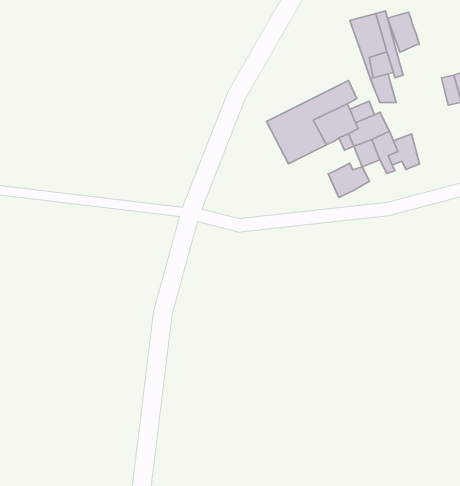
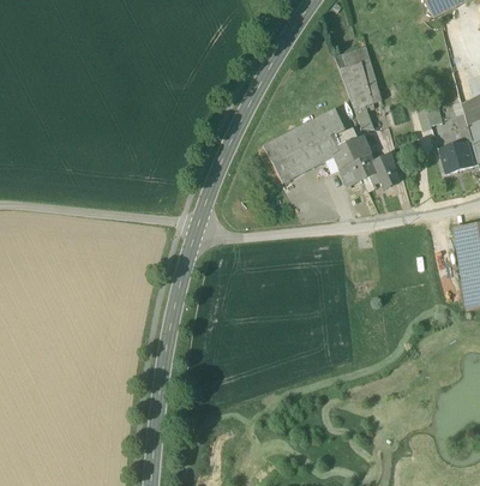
building: [387,12,419,52] -> none
building: [328,163,369,198] -> none

